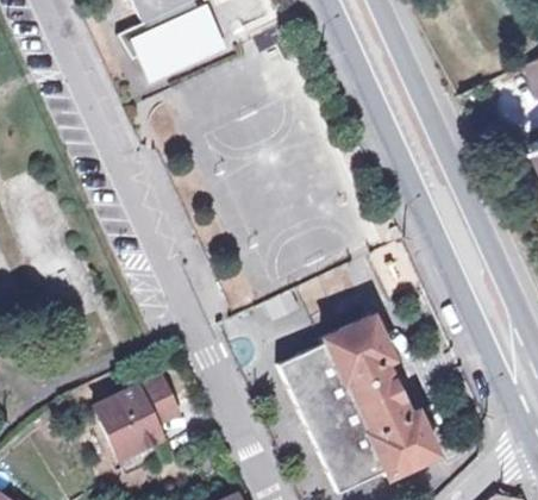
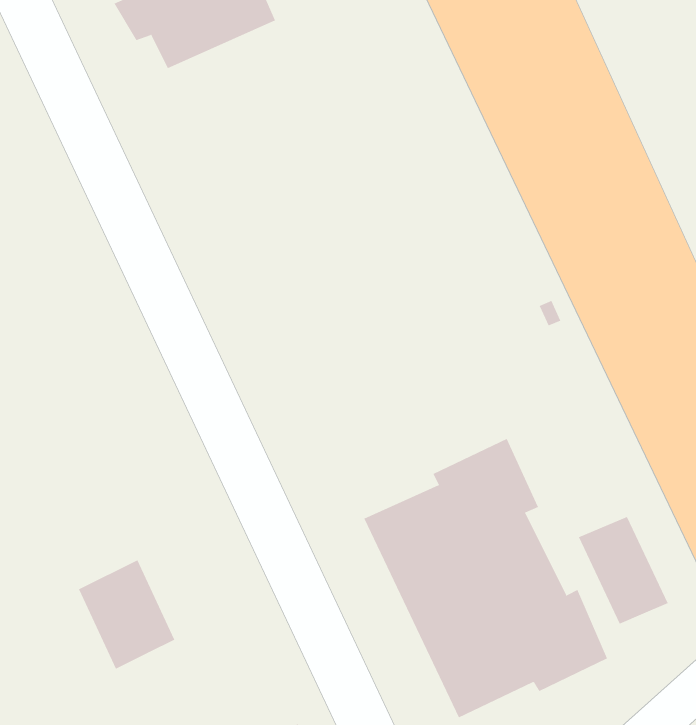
building: none -> [578,516,669,624]
building: [134,376,176,440] -> none

